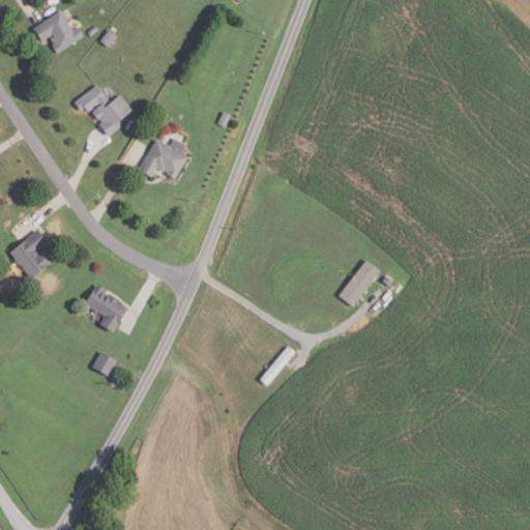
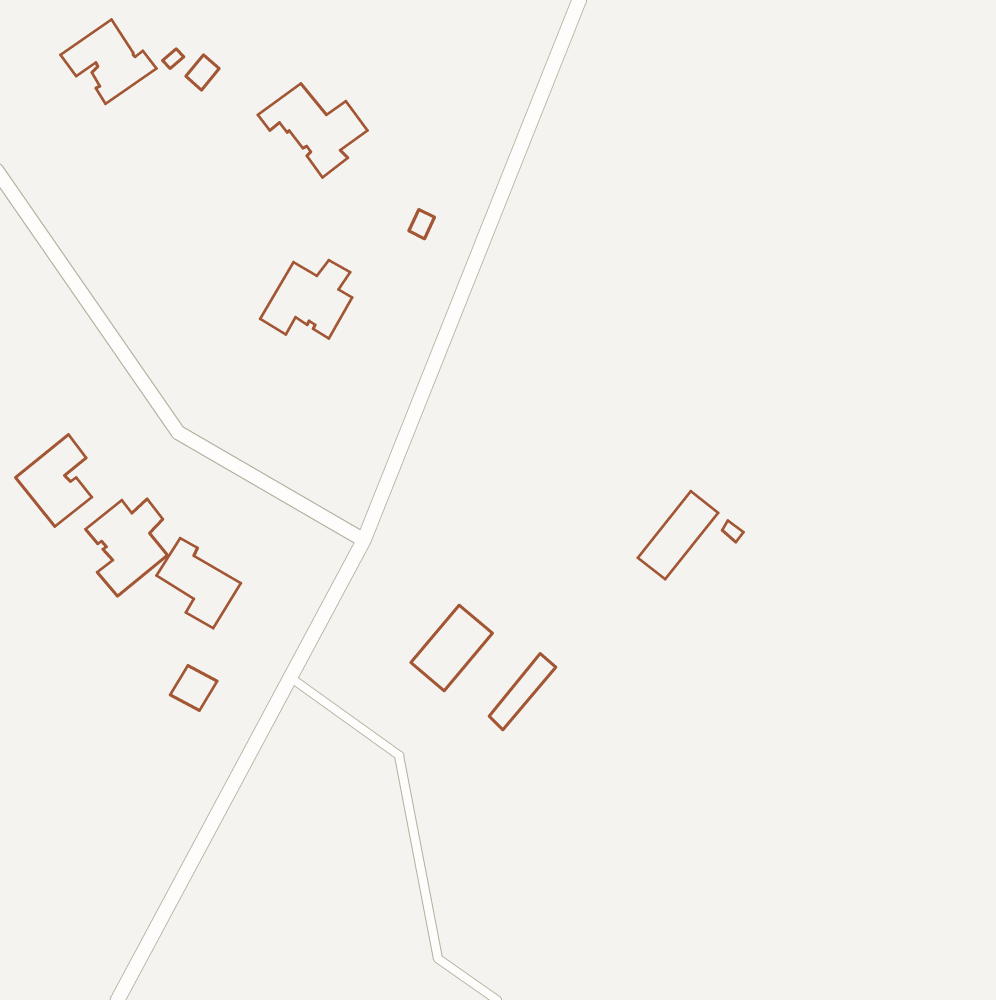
building: [73,86,131,136] -> [258,83,368,177]
building: none -> [85,499,168,596]
building: none -> [411,605,493,691]

